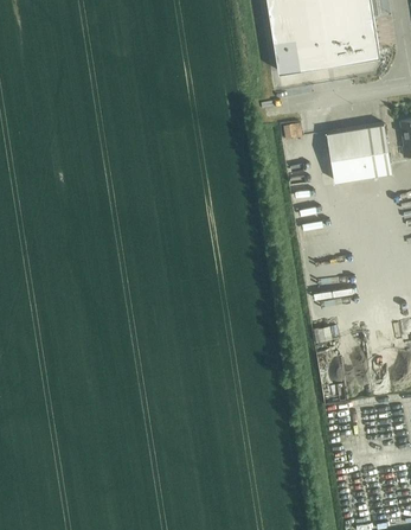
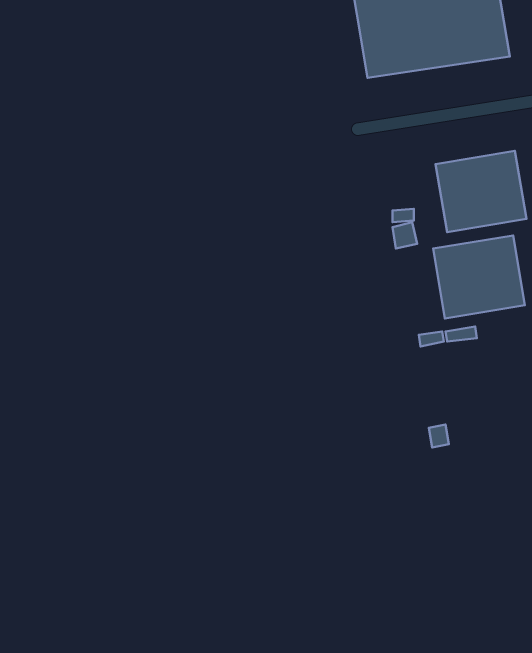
building: none -> [433,236,525,318]

